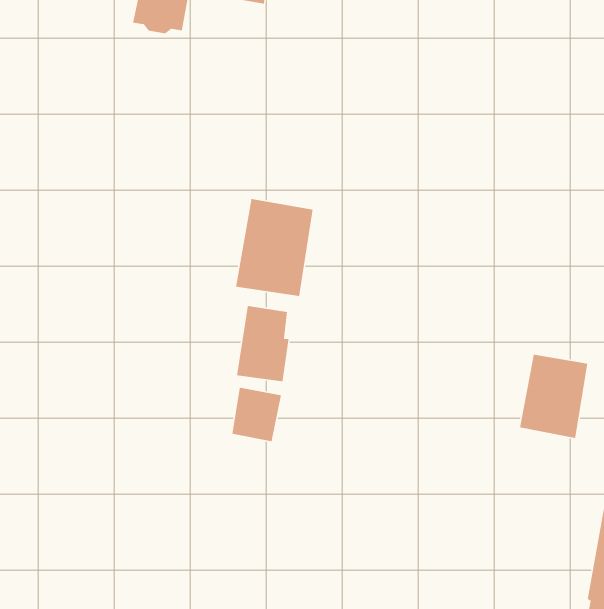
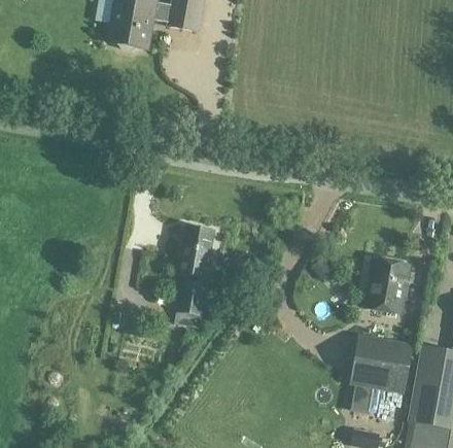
building: [235,198,313,297] -> none
building: none -> [349,334,412,399]

